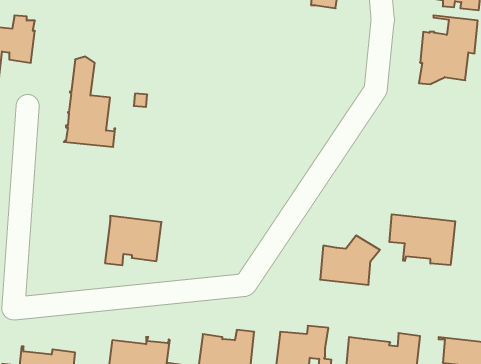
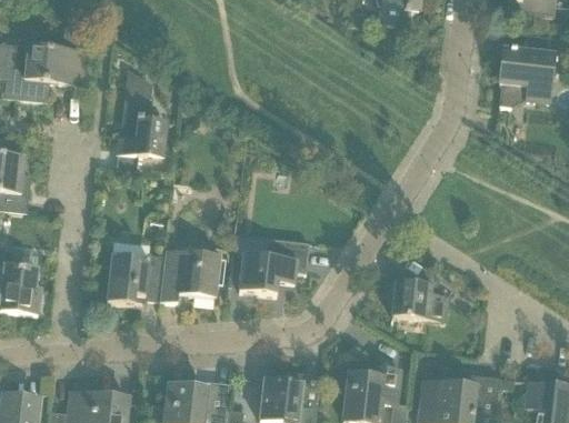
building: none -> [240,234,310,292]
building: [389,214,455,265] -> none
building: none -> [107,250,166,301]

